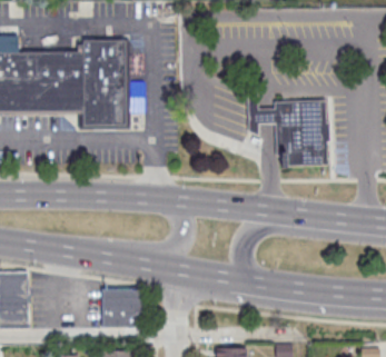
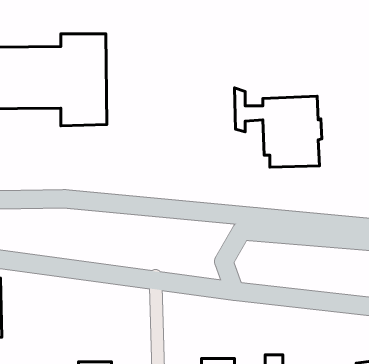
building: [101,287,145,326] -> none

